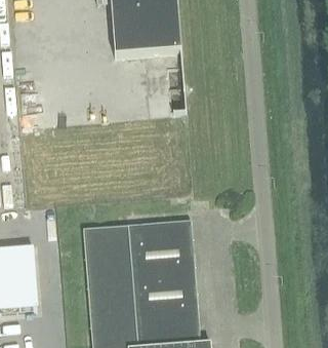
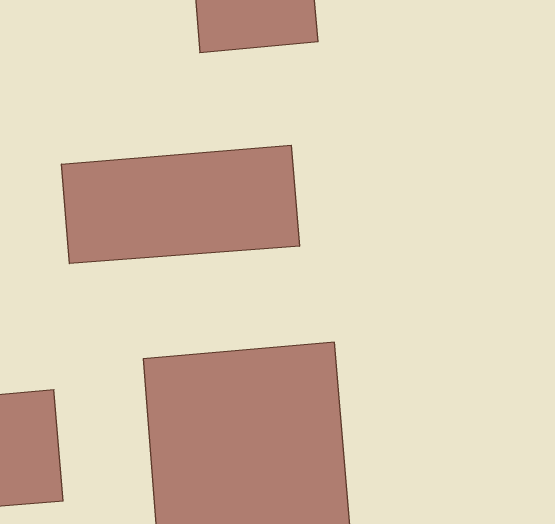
building: none -> [62,145,299,264]

